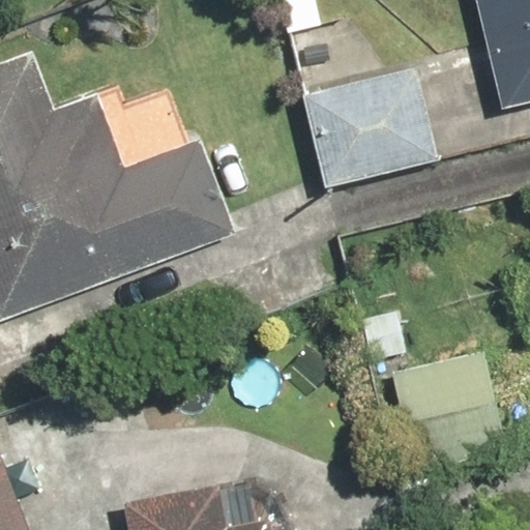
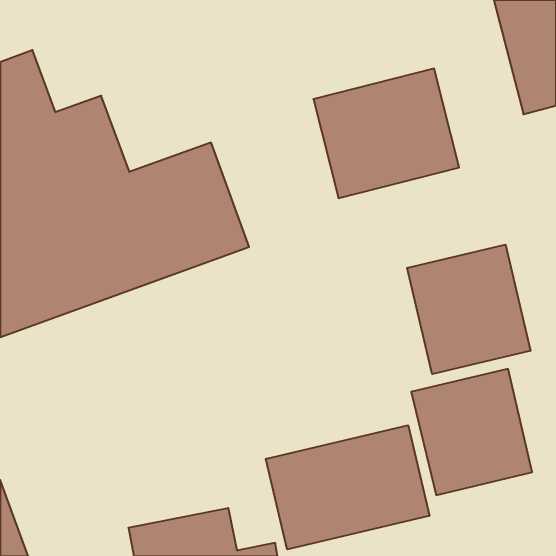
building: none -> [407,245,530,374]
building: none -> [266,425,429,549]

